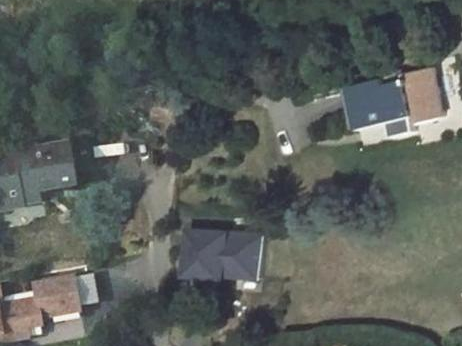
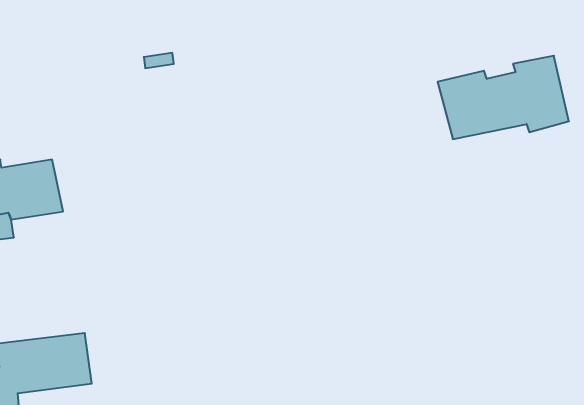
building: [184,229,261,281] -> none

